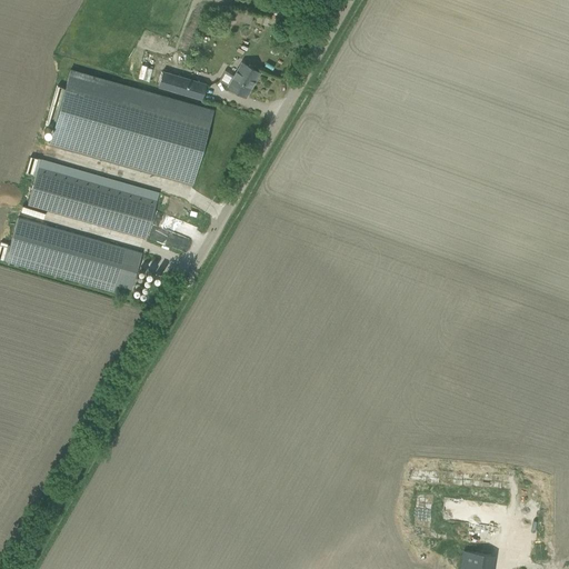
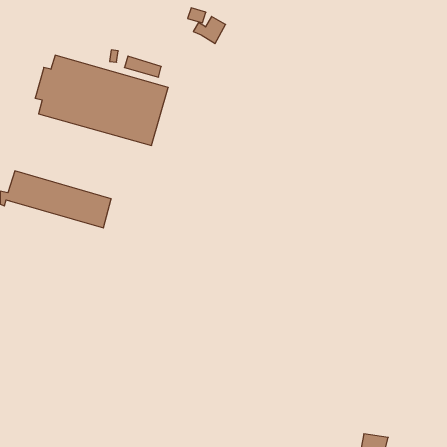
building: [219,63,260,98] -> [193,16,226,44]
building: [29,168,158,239] -> none

